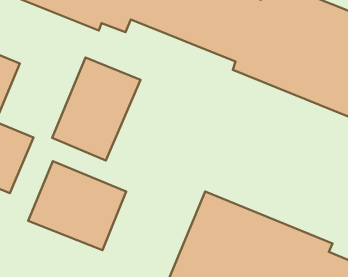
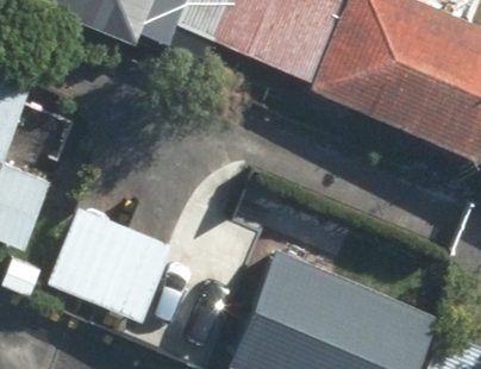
building: [52,57,140,160] -> none

